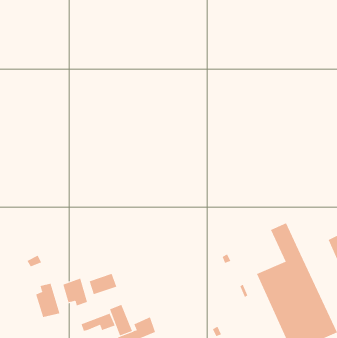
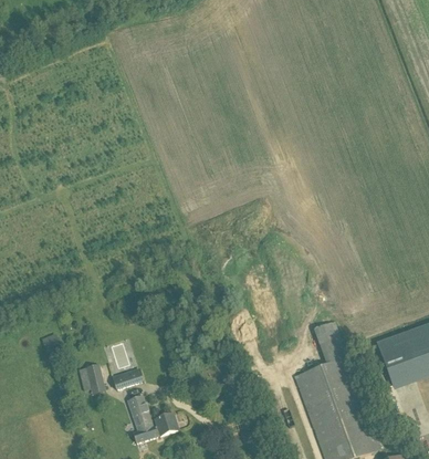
building: [36,283,60,318] -> none
building: [81,313,116,331] -> none

